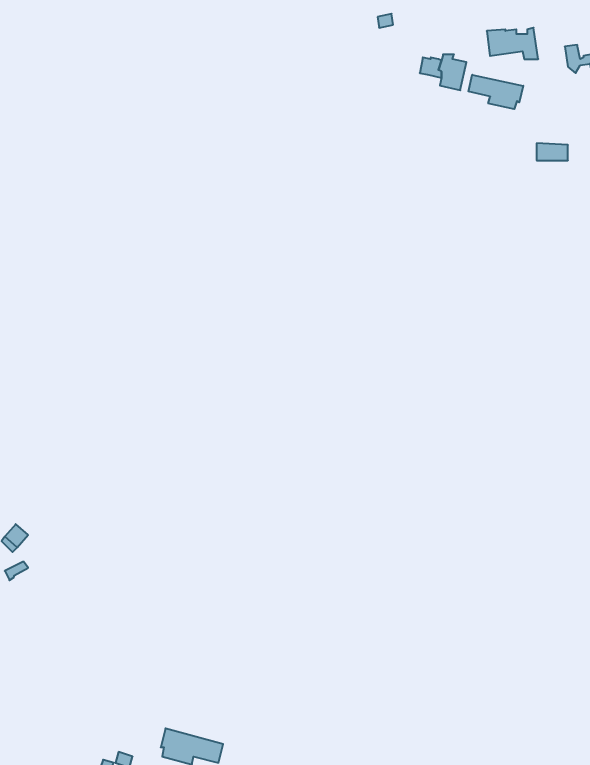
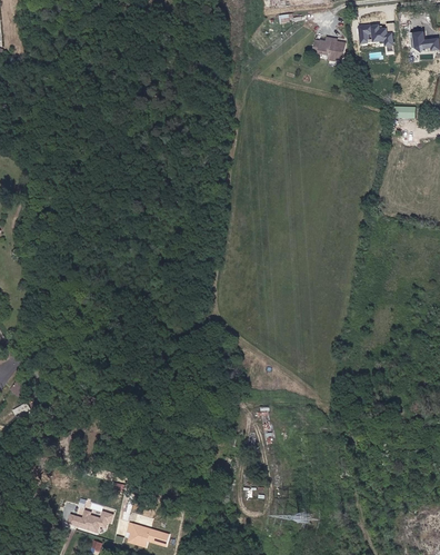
building: [468,75,523,109] -> none
building: none -> [66,509,113,533]

